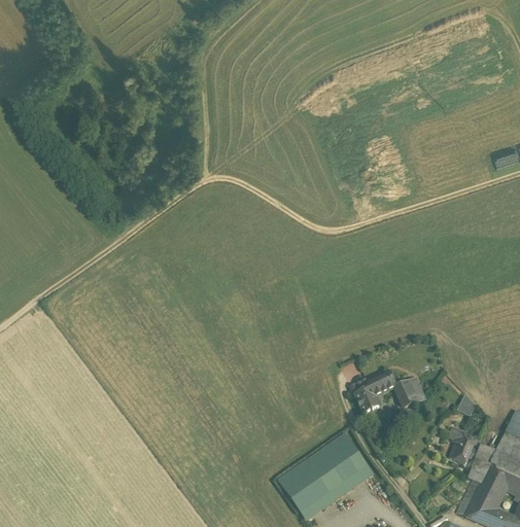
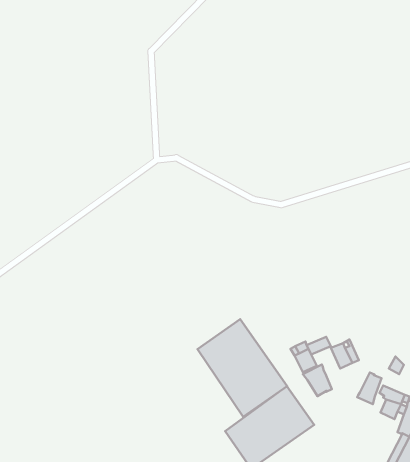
building: none -> [197,319,287,417]
building: none -> [303,365,332,396]
building: none -> [357,373,382,404]

